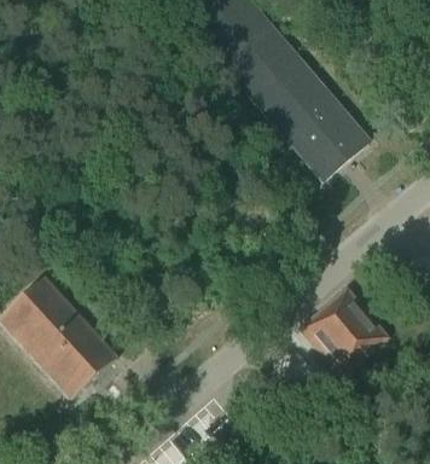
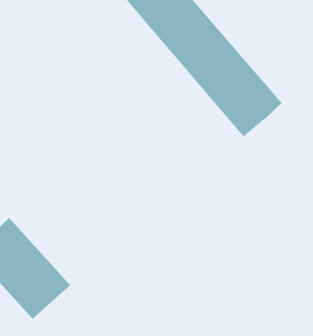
building: [300,288,388,377] -> none

